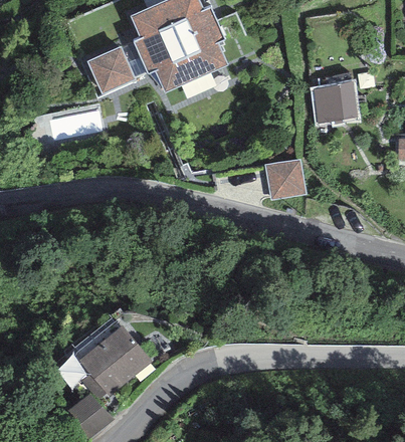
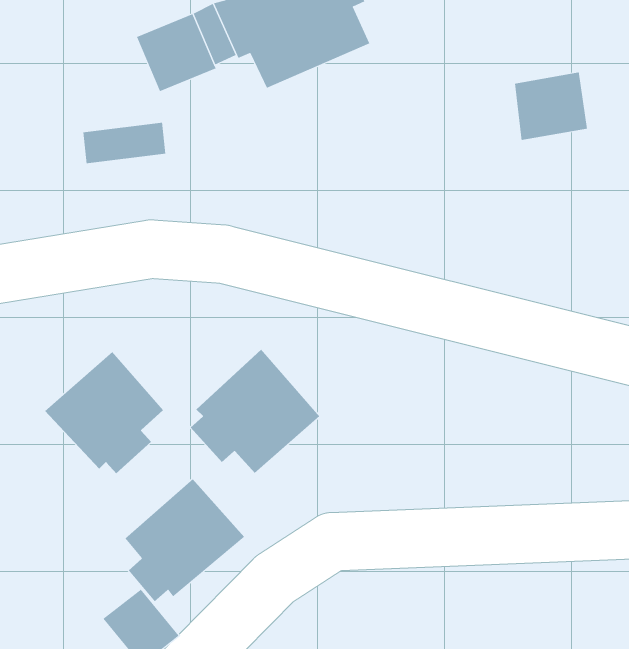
building: [263,159,305,199] -> none
building: none -> [190,349,320,474]
building: none -> [44,351,164,474]

